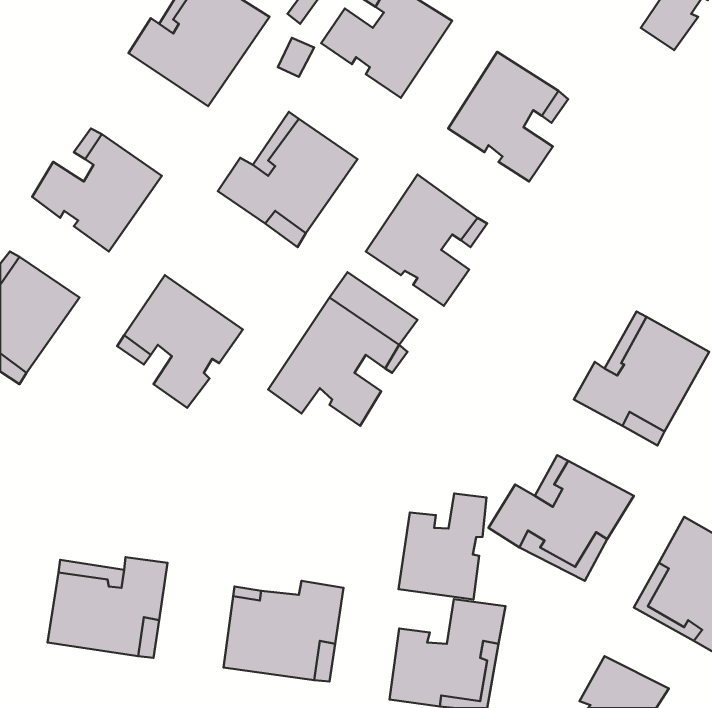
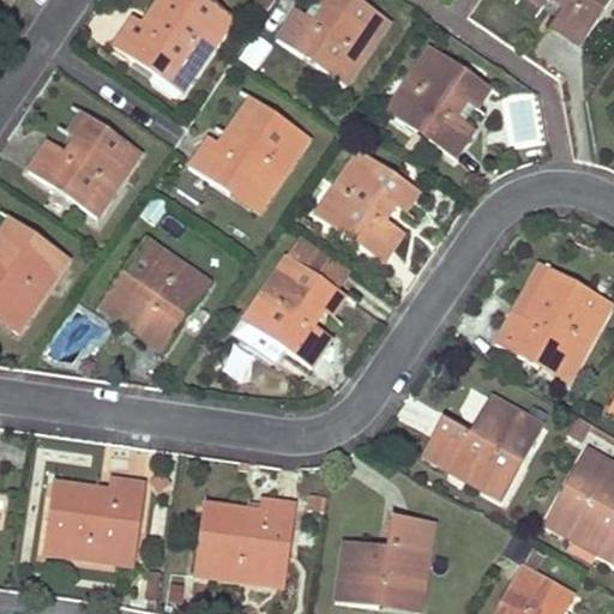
building: [398,493,487,599] -> none

